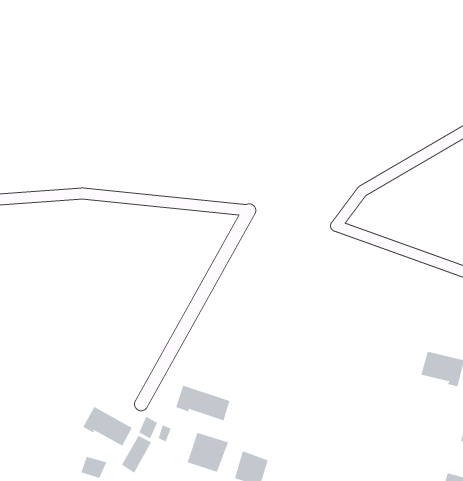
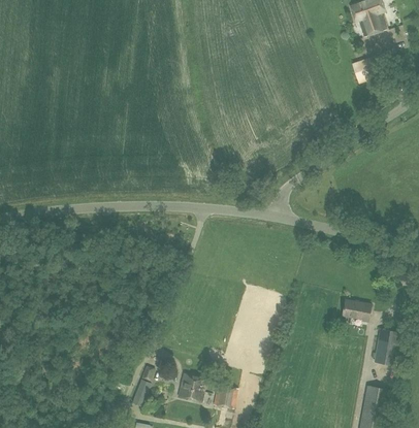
building: [175,385,230,421] -> none
building: [83,406,132,447] -> none

